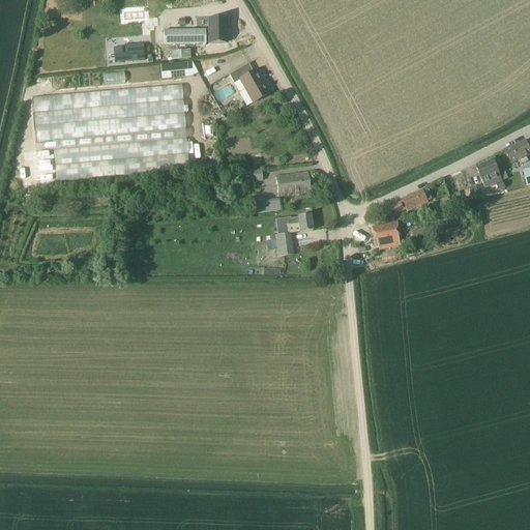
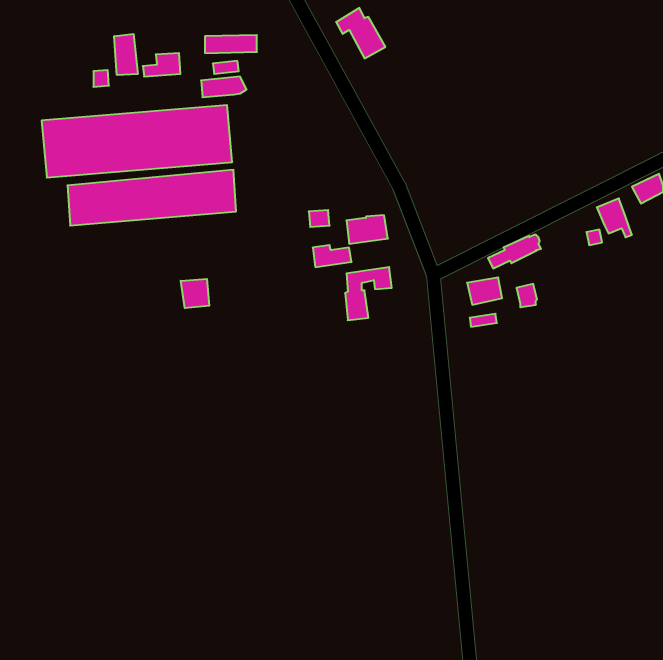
building: [207,13,225,38] -> none
building: none -> [114,34,138,75]
building: [229,62,268,102] -> [336,8,385,58]
building: none -> [181,279,209,308]

